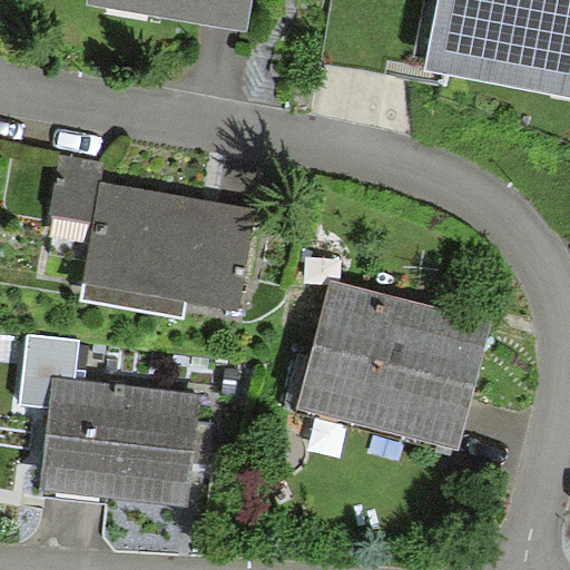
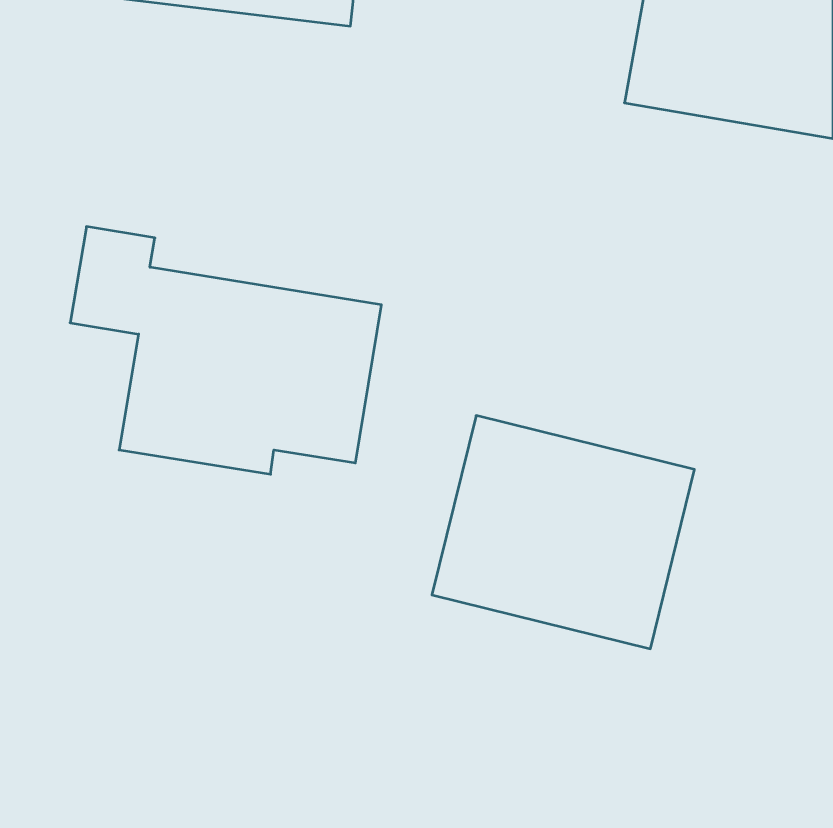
building: [21,334,198,510] -> none

